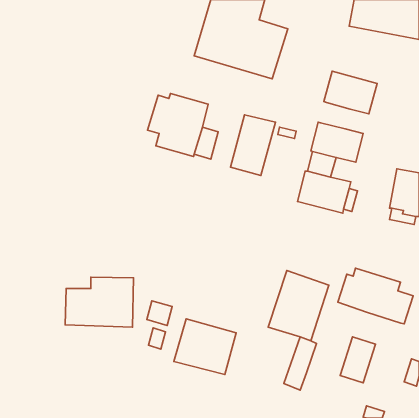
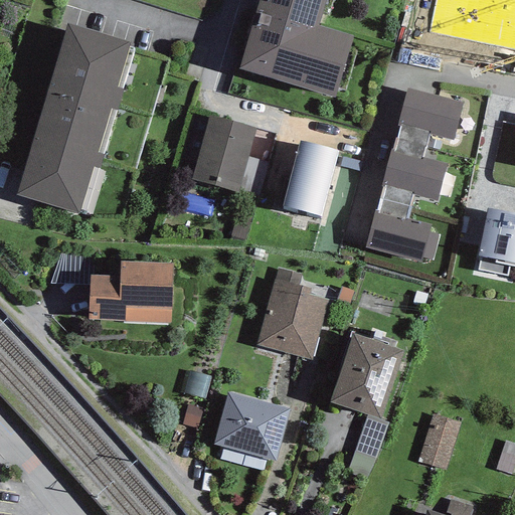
building: none -> [17,23,130,212]
building: none -> [393,126,430,158]
building: none -> [258,267,327,360]
building: [338,268,413,324] -> none
building: [65,277,133,327] -> [89,261,172,322]

